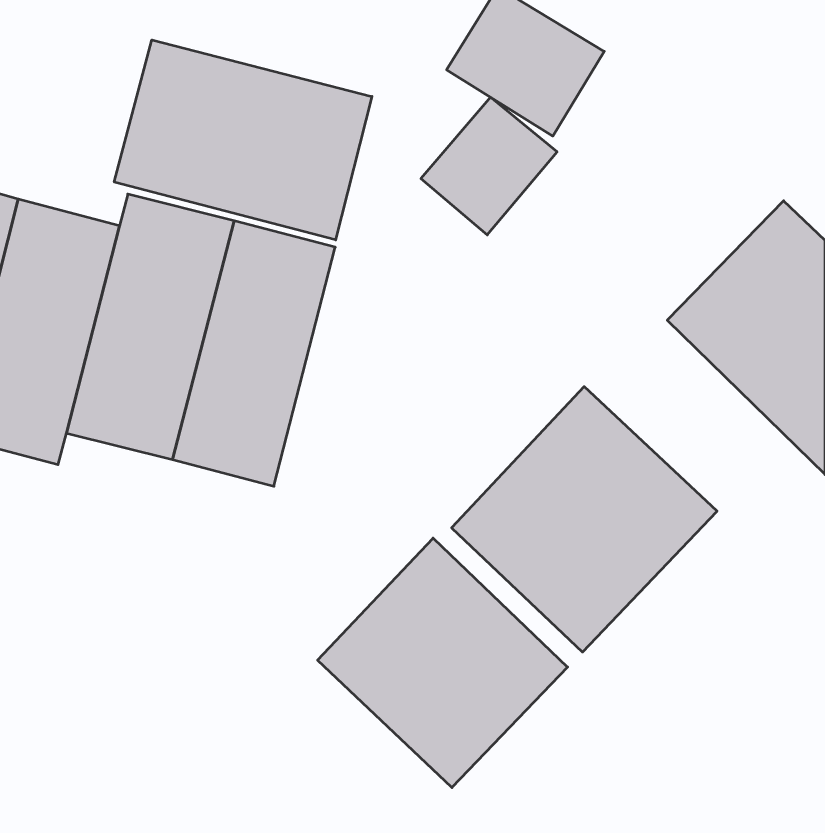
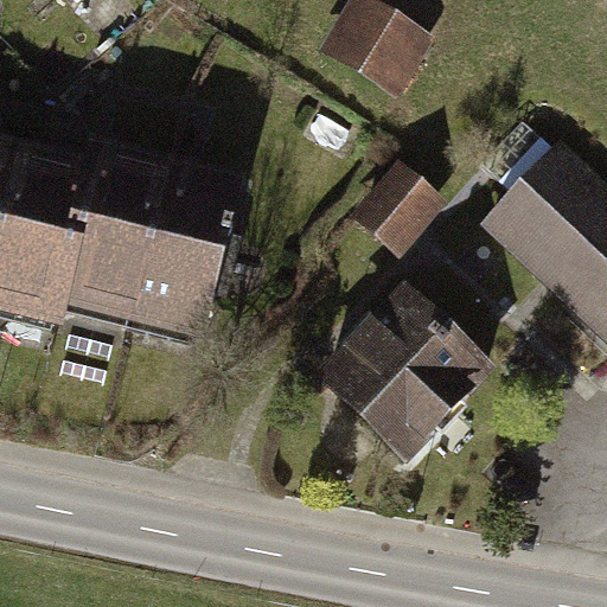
building: [114,40,372,240] -> none
building: [421,97,557,235] -> [350,159,447,257]
building: [318,538,568,788] -> none

